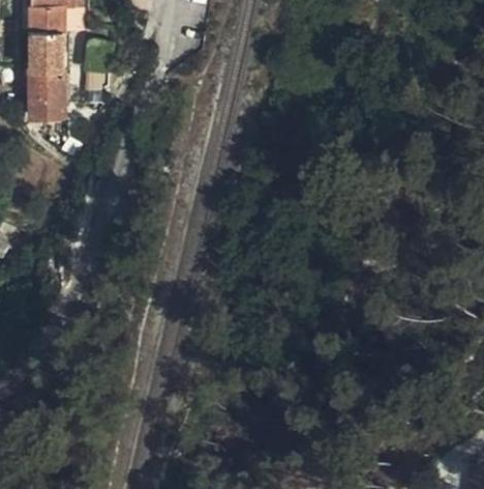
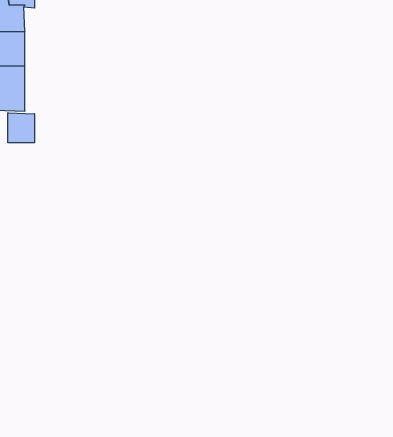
building: none -> [8,113,34,143]

